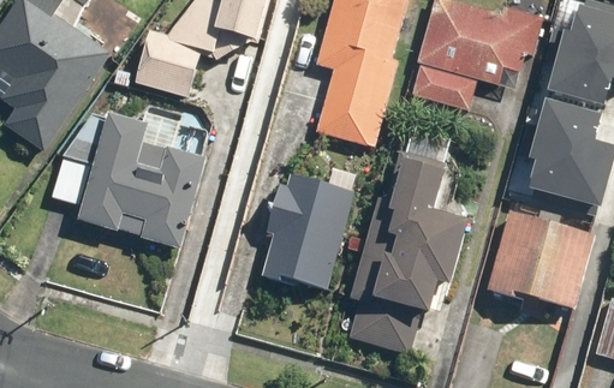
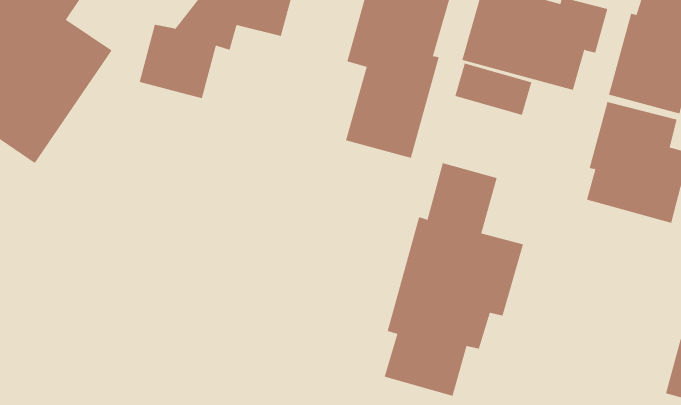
building: [50,111,205,247] -> none
building: [261,173,356,288] -> none
building: [487,210,594,305] -> none

